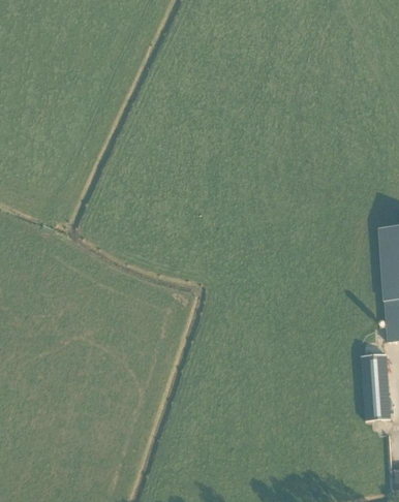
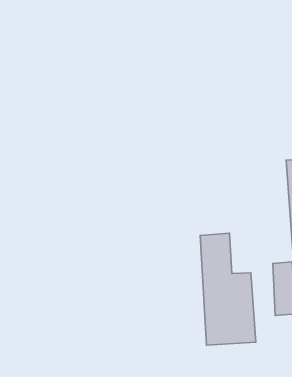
building: none -> [200,233,256,345]

